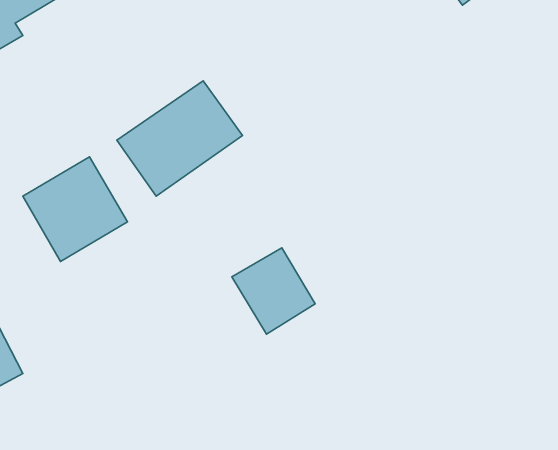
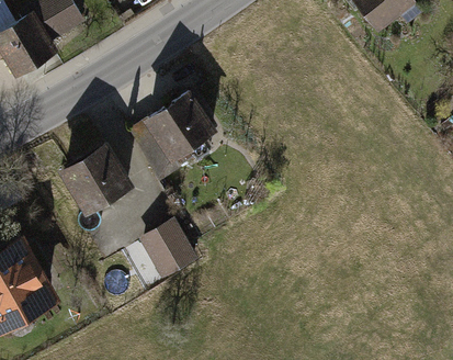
building: [232,248,315,334] -> [136,218,196,281]

